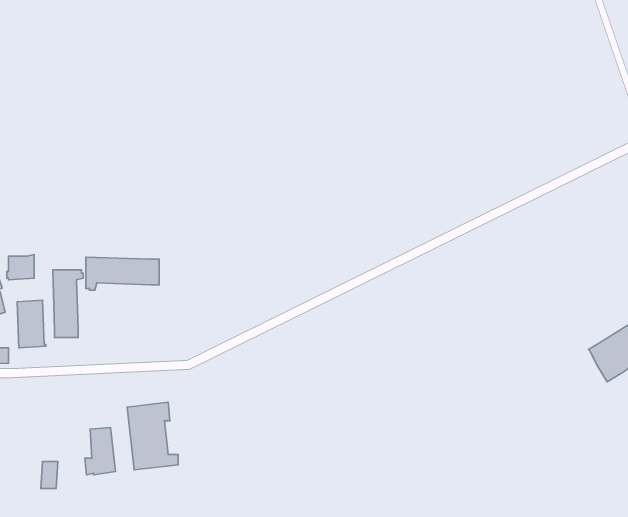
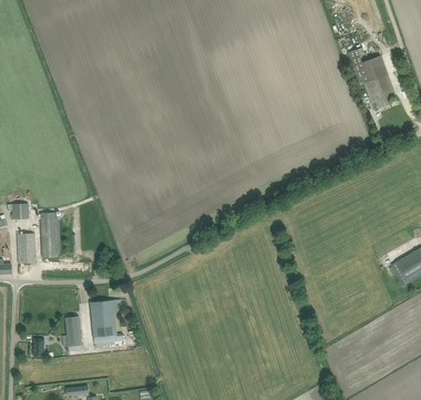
building: none -> [349,48,396,110]
building: [86,257,159,290] -> none

